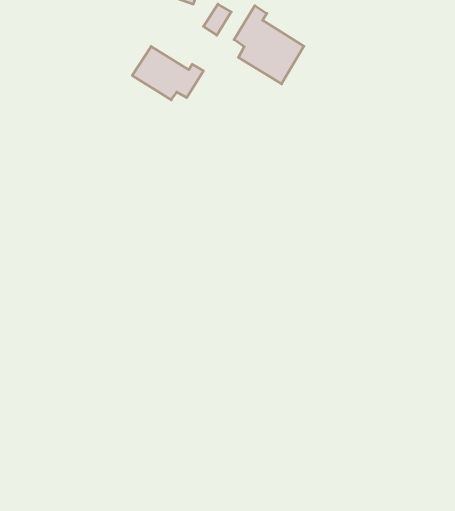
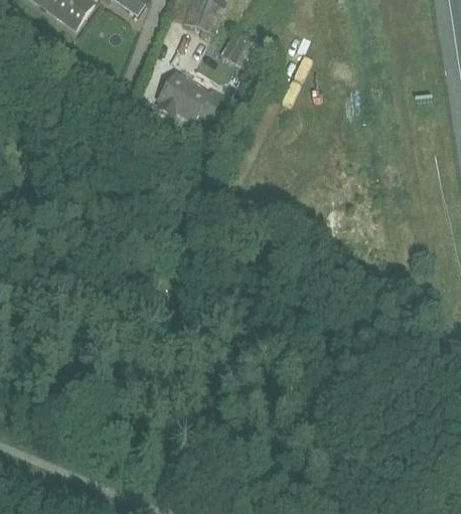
building: [234,6,304,84] -> none

